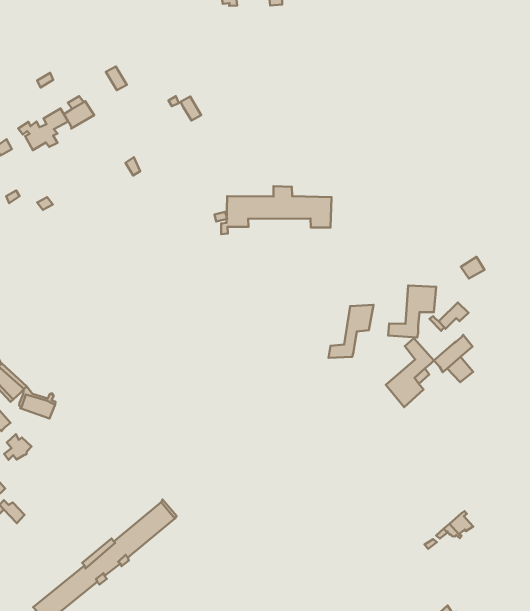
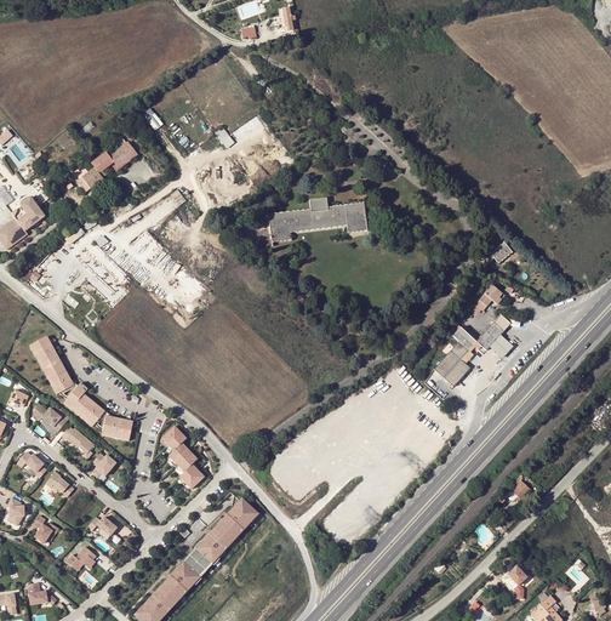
building: [388,285,436,338] -> none
building: [328,305,373,358] -> none
building: none -> [165,423,207,485]

